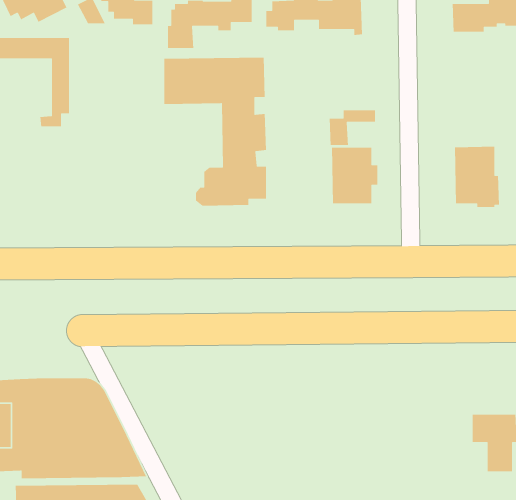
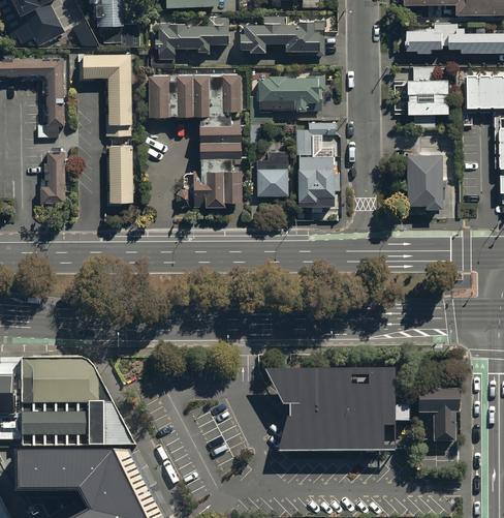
building: none -> [80,54,132,134]
building: none -> [249,74,324,142]
building: none -> [406,80,446,114]
building: none -> [108,145,131,203]
building: none -> [256,149,288,195]
building: none -> [40,151,65,203]
building: none -> [260,365,414,453]

